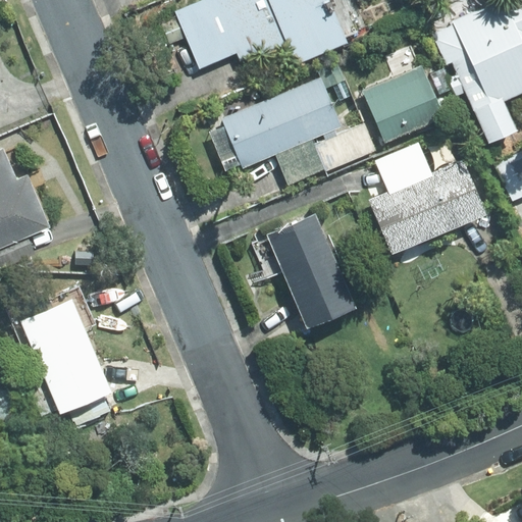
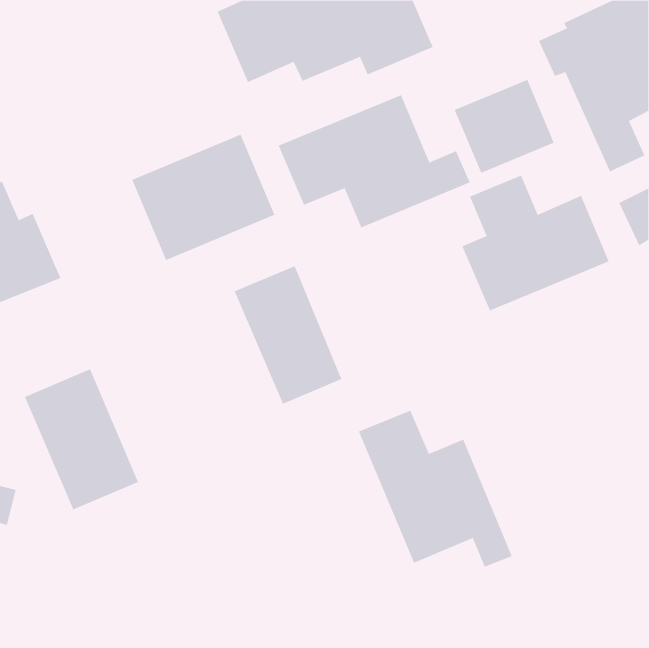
building: none -> [132,134,275,261]
building: [267,213,354,324] -> [234,265,342,405]
building: none -> [358,410,513,568]

